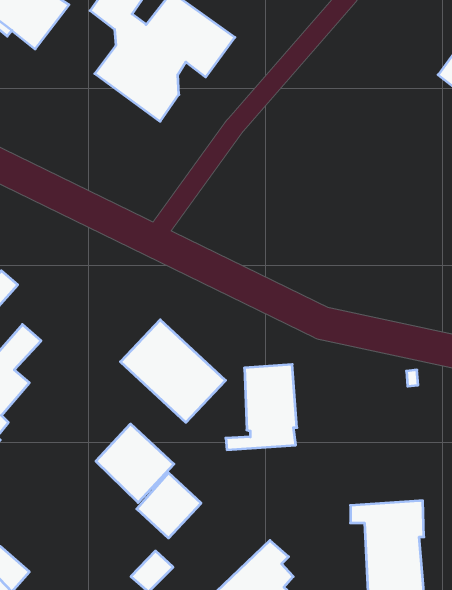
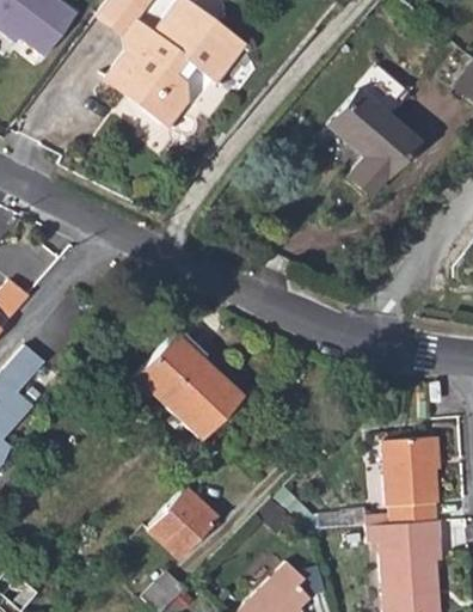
building: none -> [320,93,410,200]
building: [226,364,297,450] -> [366,436,438,524]
building: [96,424,174,503] -> none

